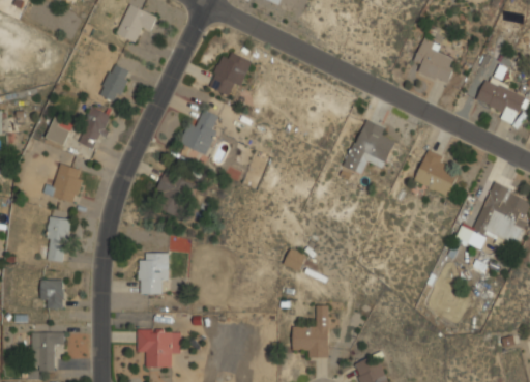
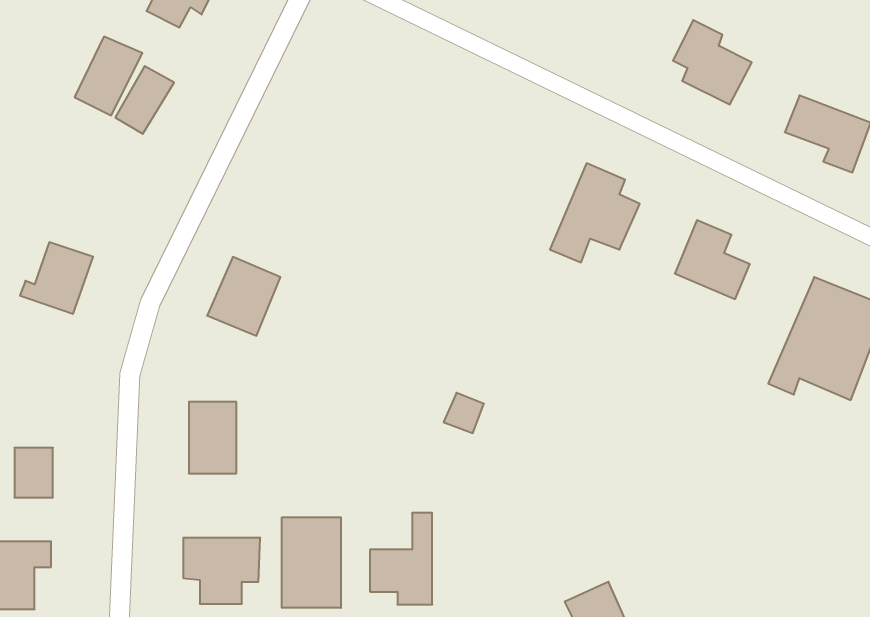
building: [208,49,252,97] -> none
building: [76,106,114,150] -> [75,37,142,115]
building: [180,109,220,153] -> none
building: [47,116,73,145] -> none
building: [38,216,70,261] -> none
building: [293,305,328,357] -> [370,513,432,605]
building: none -> [282,517,341,608]

